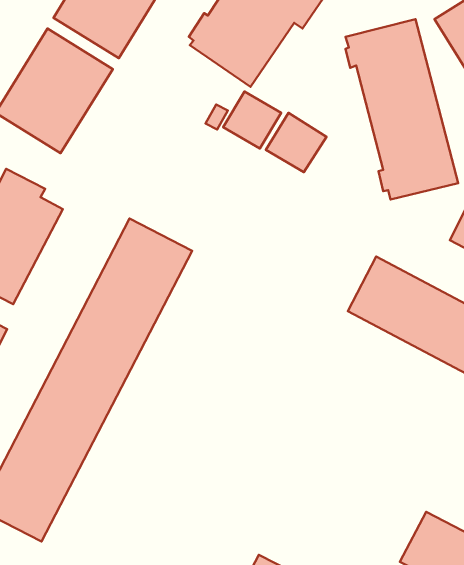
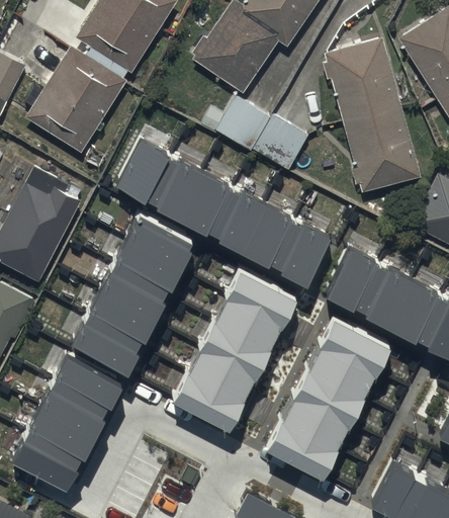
building: none -> [116,140,329,280]
building: none -> [172,269,296,429]
building: none -> [266,318,388,473]

